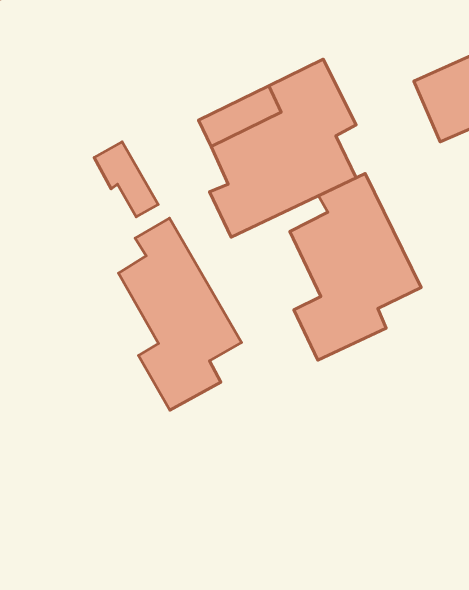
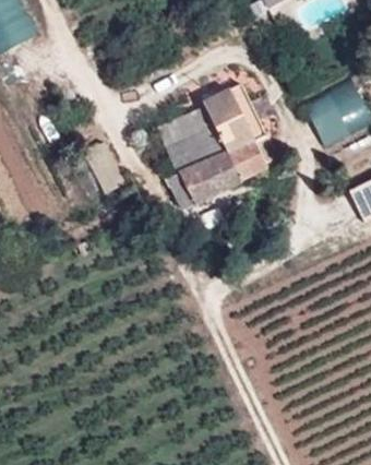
building: [290,173,421,360] -> none
building: [118,218,242,410] -> none

